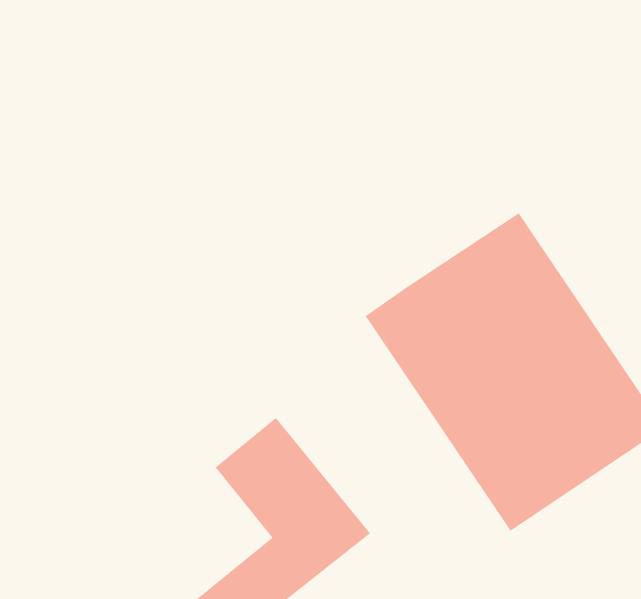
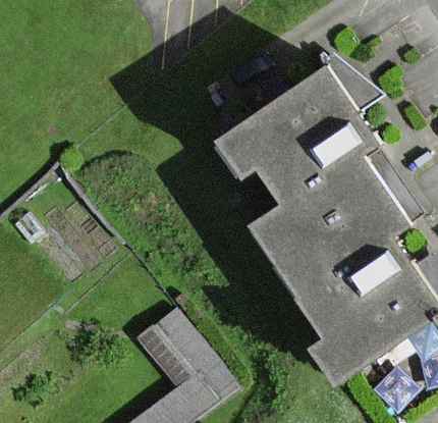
building: none -> [220,66,375,212]

